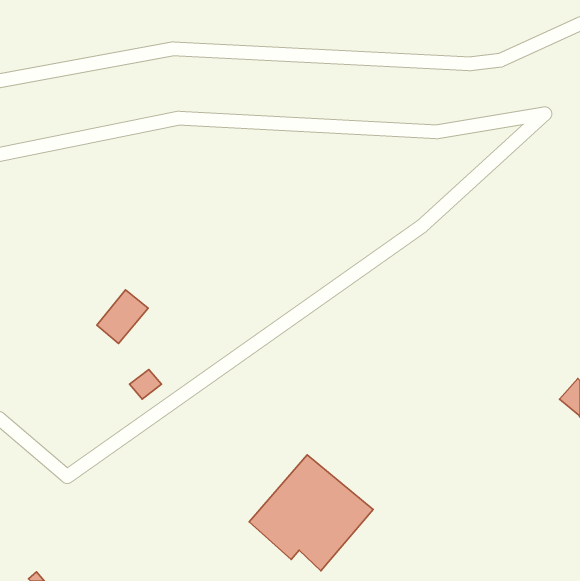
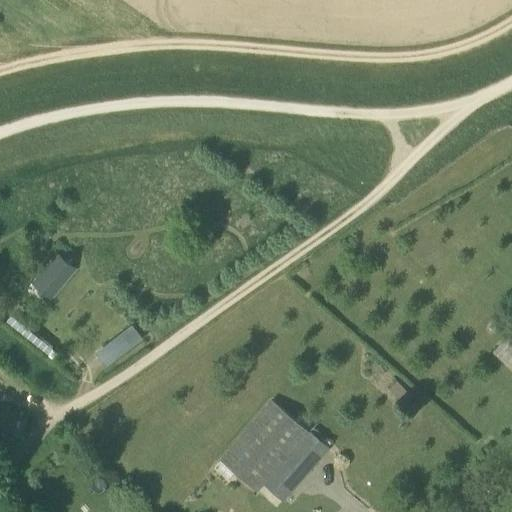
building: [97,290,148,343] -> [31,253,76,300]

